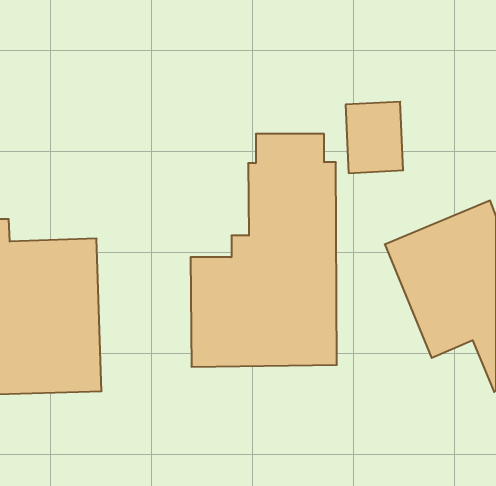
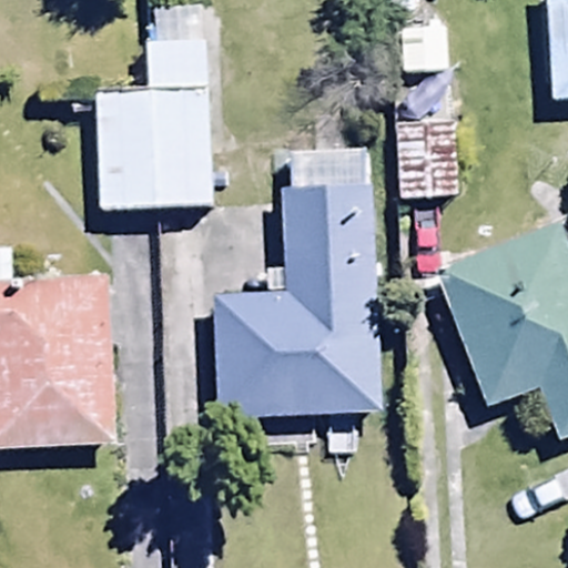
building: none -> [93,12,236,207]

